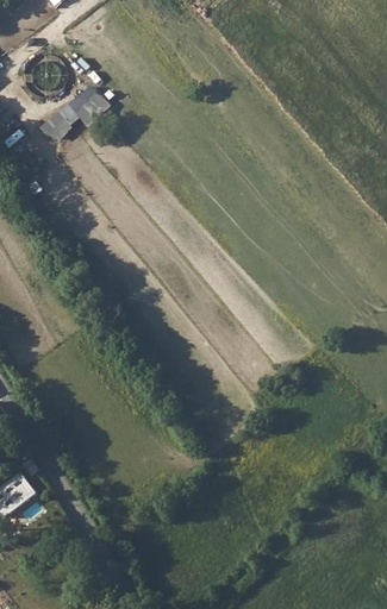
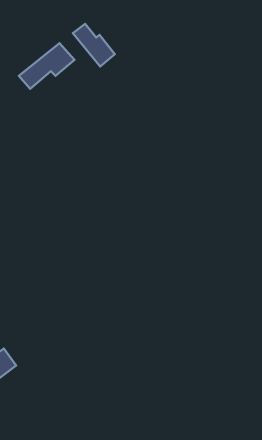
building: none -> [73,24,115,66]

